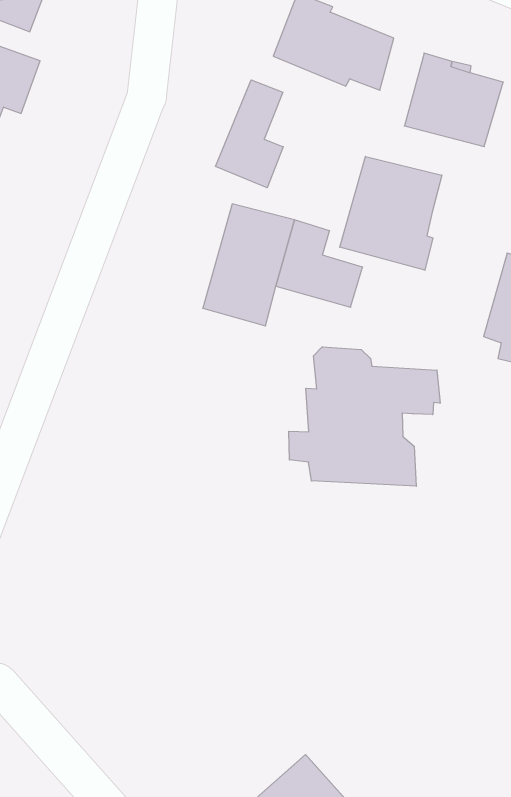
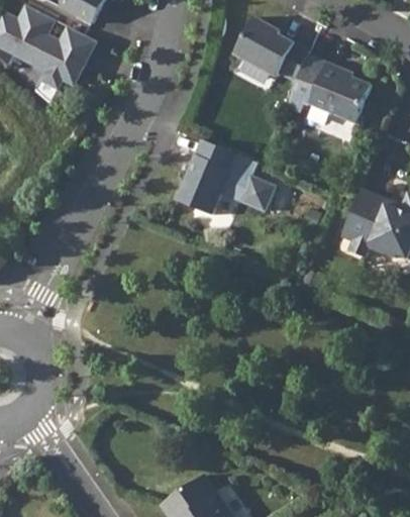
building: [215,80,283,188] -> none
building: [340,156,442,270] -> none
building: [289,347,440,486] -> none

